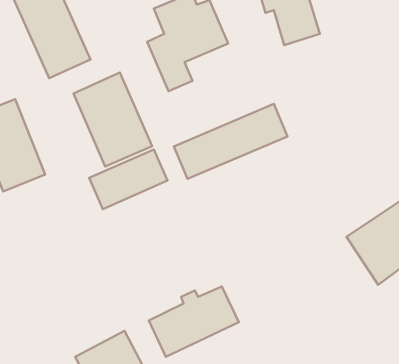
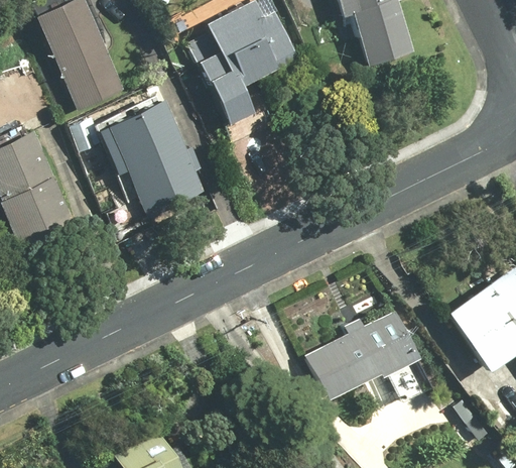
building: [174,104,288,179] -> none
building: [89,149,167,209] -> none
building: [149,286,239,357] -> [305,312,417,399]

